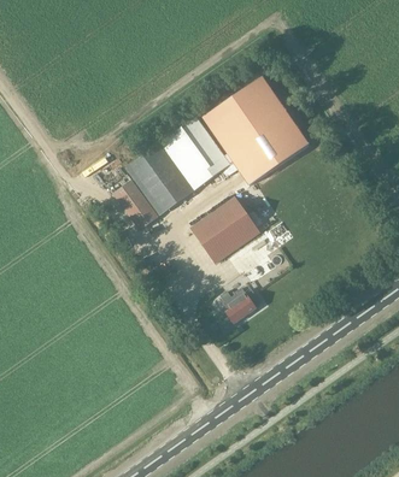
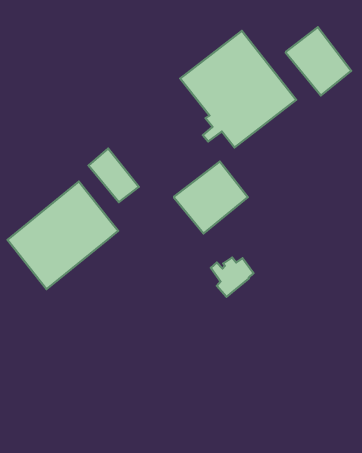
building: none -> [286,27,351,95]
building: [125,116,229,214] -> [8,181,118,289]

